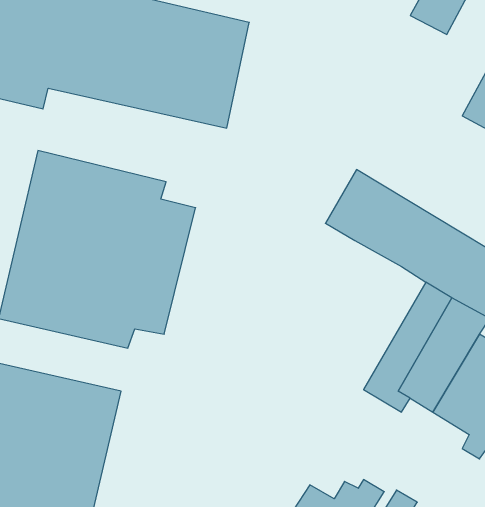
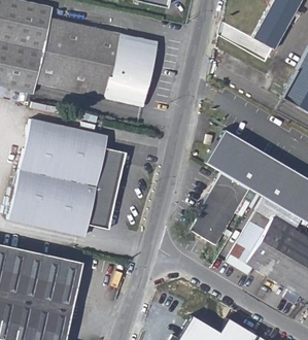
building: none -> [190,172,248,245]

